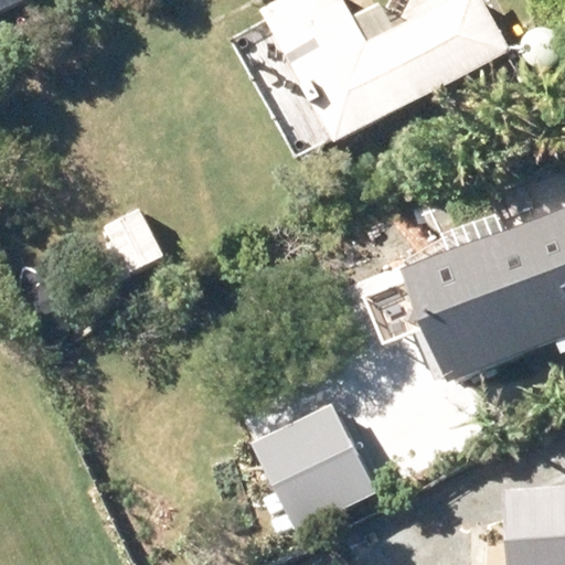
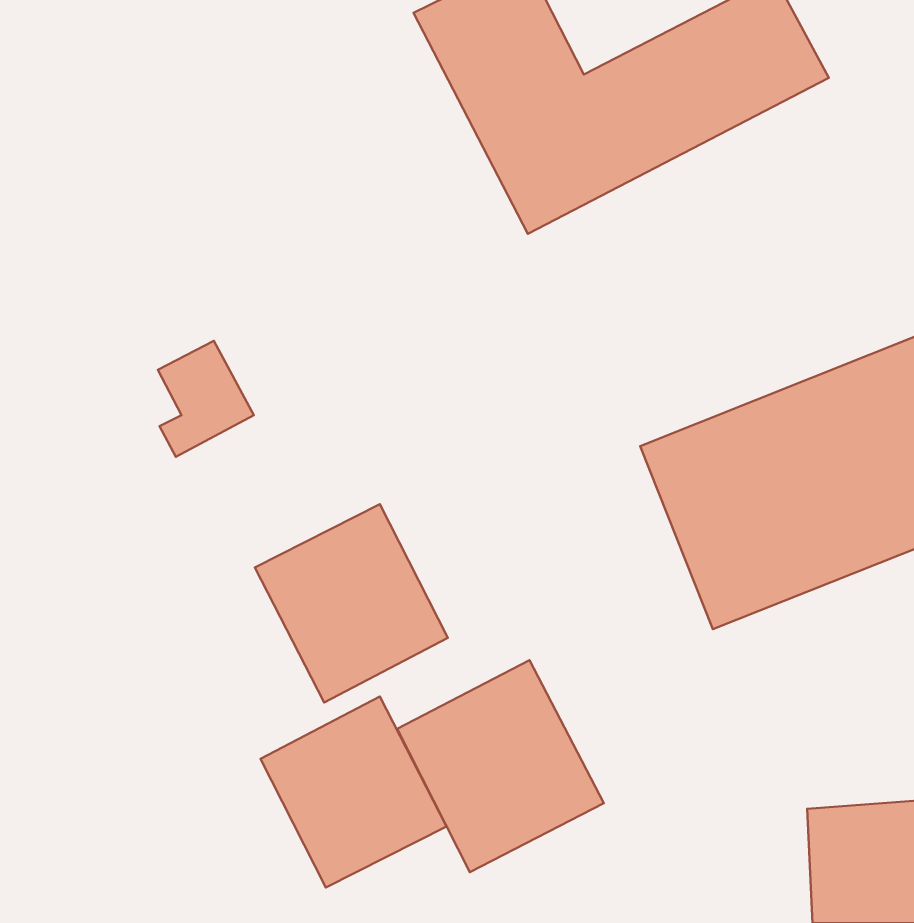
building: none -> [255,504,448,702]
building: none -> [260,696,447,888]

